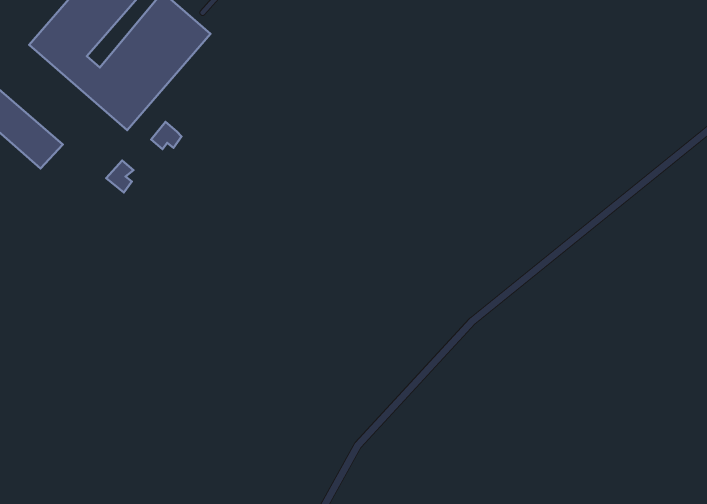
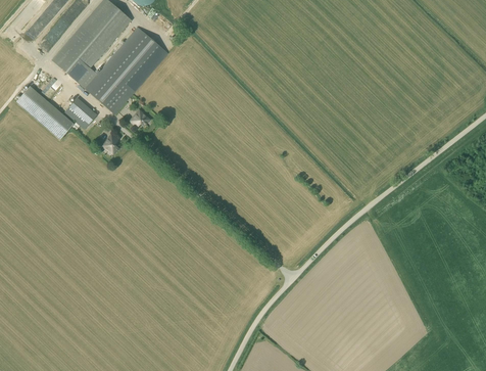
building: none -> [64,96,98,128]

